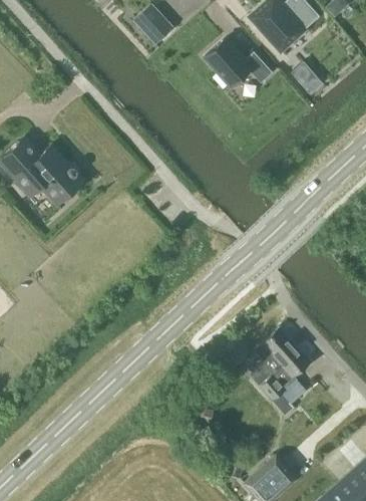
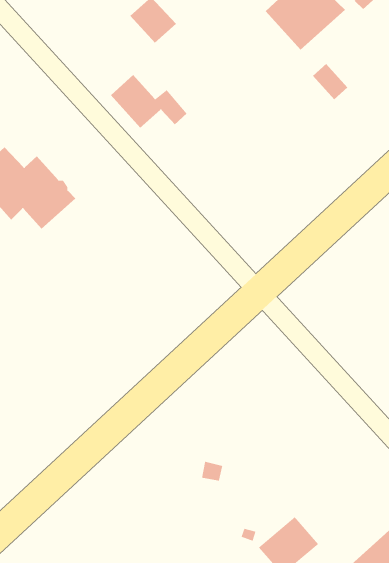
building: [205,39,272,86] -> [110,74,188,129]
building: [250,327,309,402] -> none

